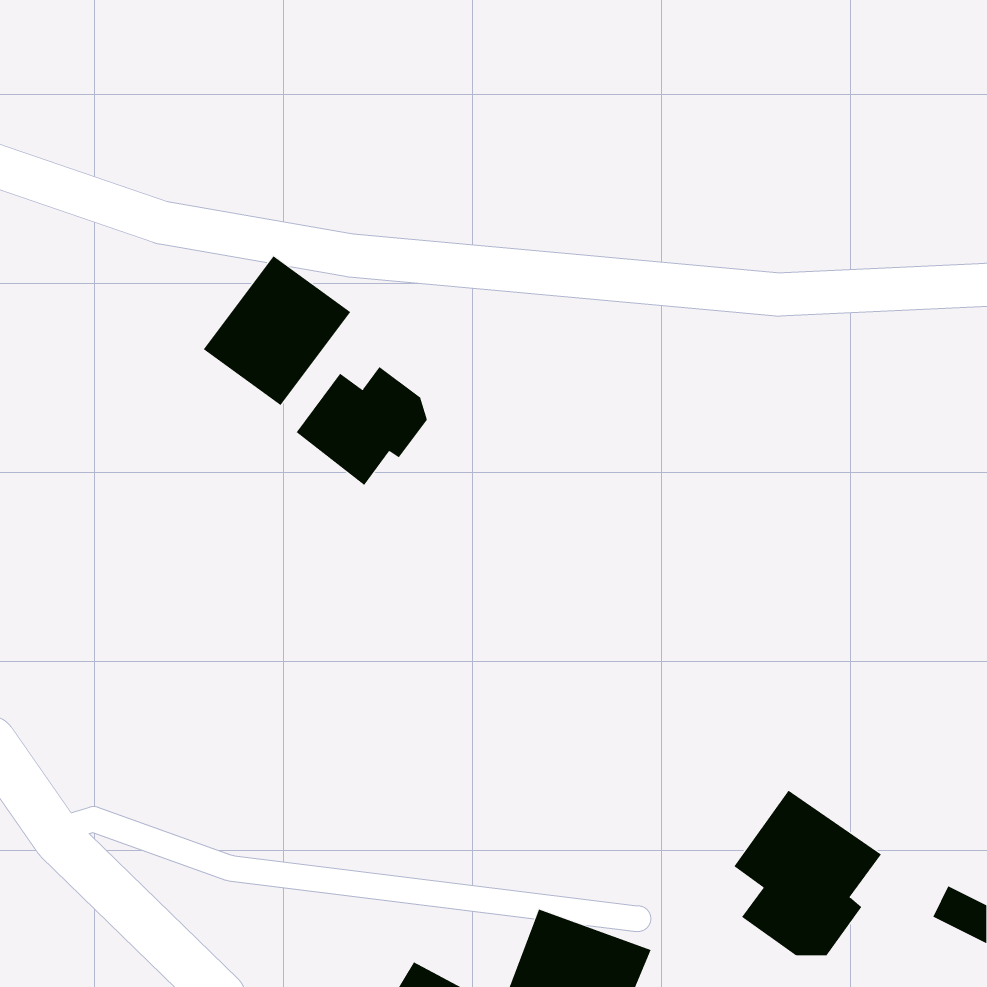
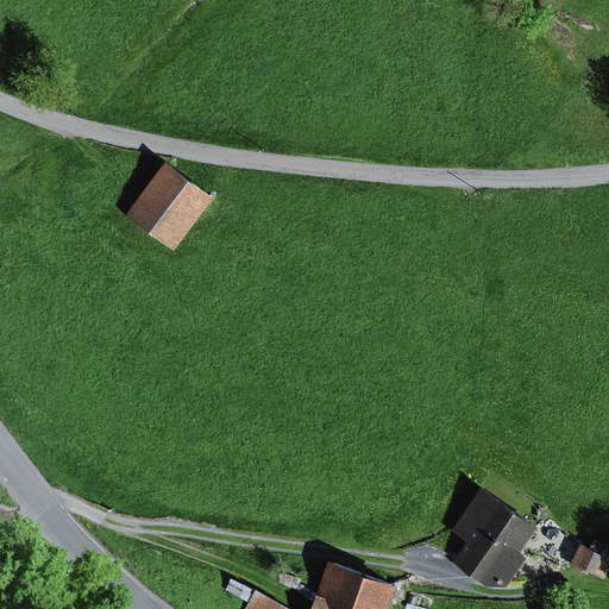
building: [296,366,427,486] -> none

